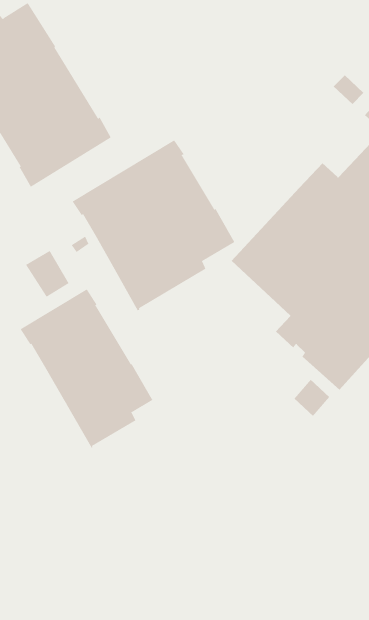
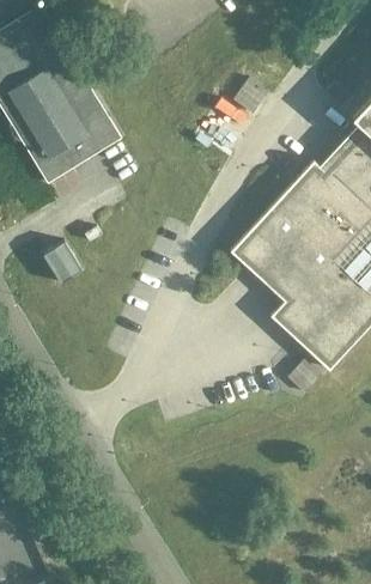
building: [72,140,239,311] -> none
building: [20,289,158,449] -> none

